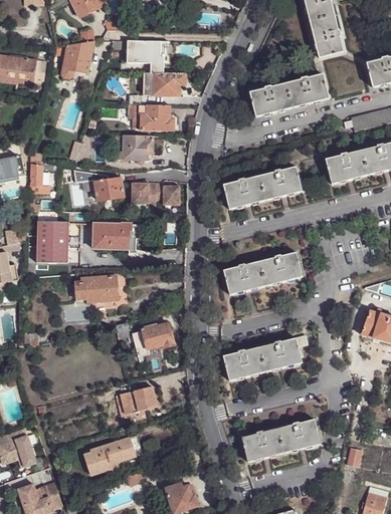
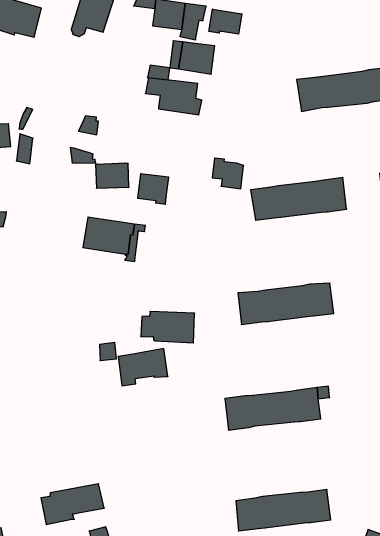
building: none -> [209,9,242,34]
building: [118,135,153,160] -> none
building: [155,183,179,205] -> [212,158,244,189]
building: [36,221,68,263] -> none
building: [74,274,119,300] -> [141,311,195,343]
building: [118,384,155,413] -> none

